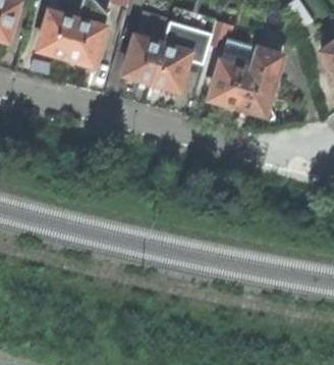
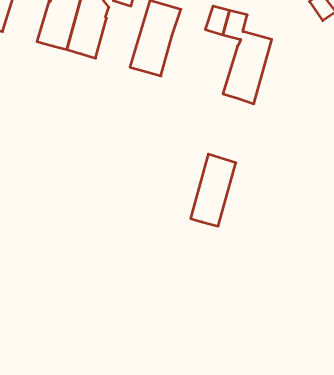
building: [152,44,188,89] -> none
building: [237,47,279,113] -> [191,154,236,226]

